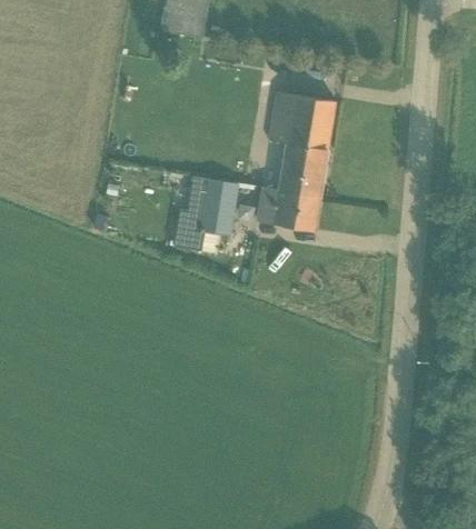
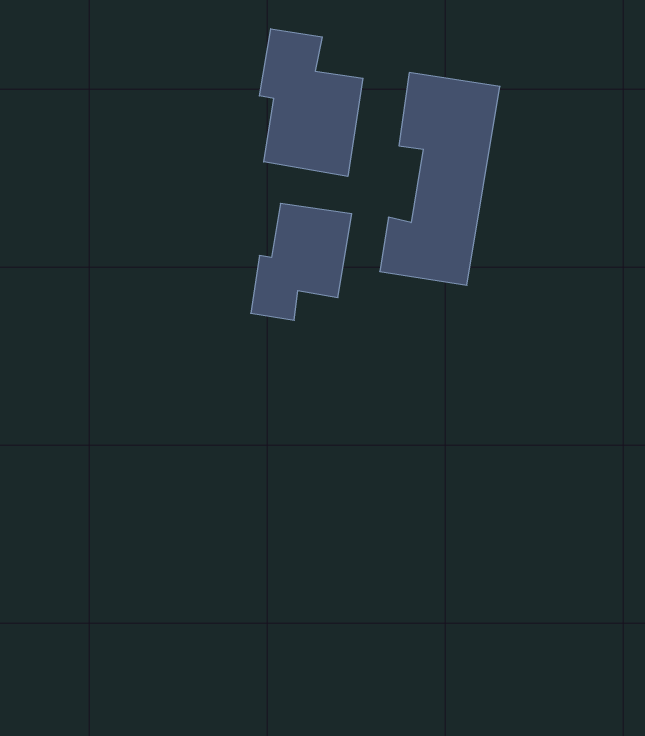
building: none -> [259,29,363,176]

